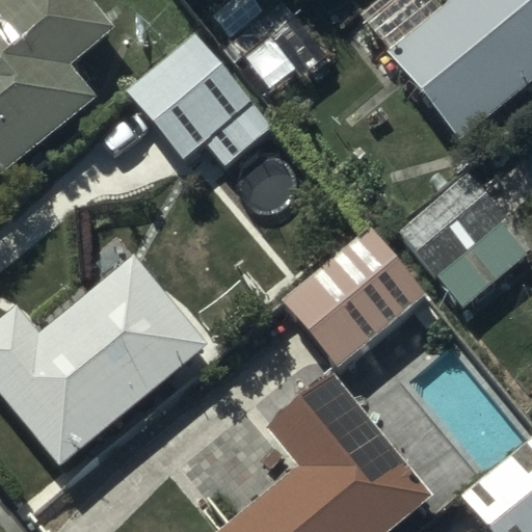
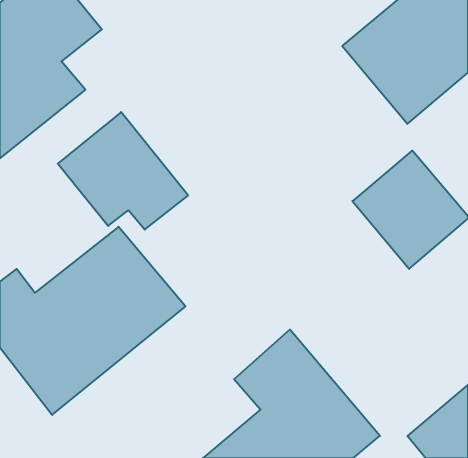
building: [126,30,273,163] -> [58,112,188,230]
building: [284,227,427,367] -> none

